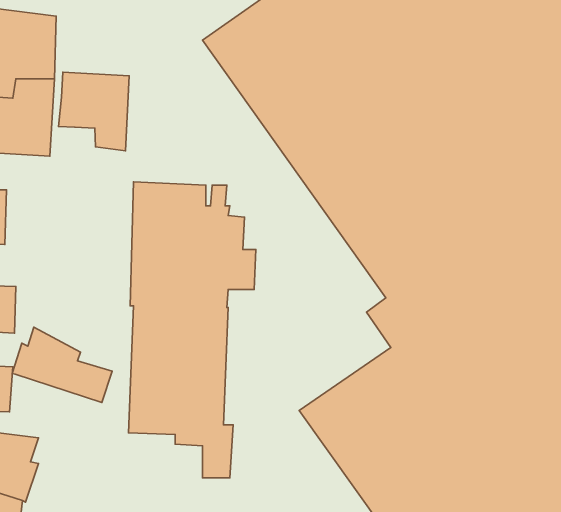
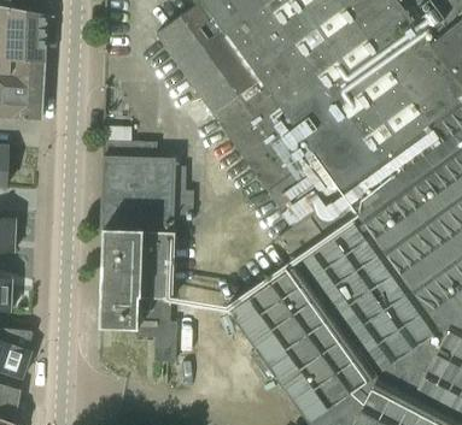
building: [59,72,129,151] -> none
building: [12,327,112,403] -> none

